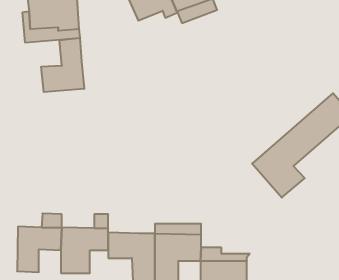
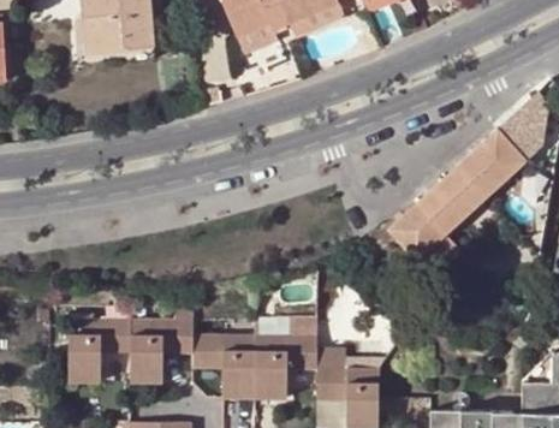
building: [41,38,84,92] -> none

